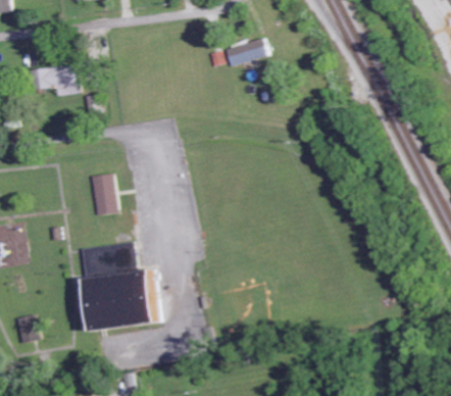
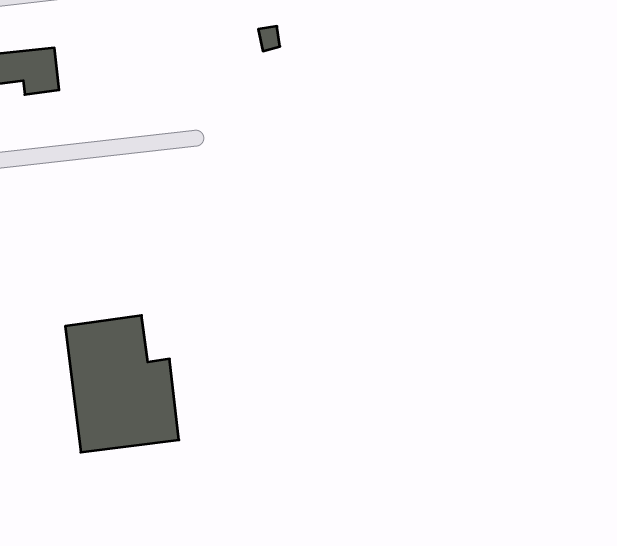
building: [224,39,266,65] -> none
building: [94,175,116,215] -> none

